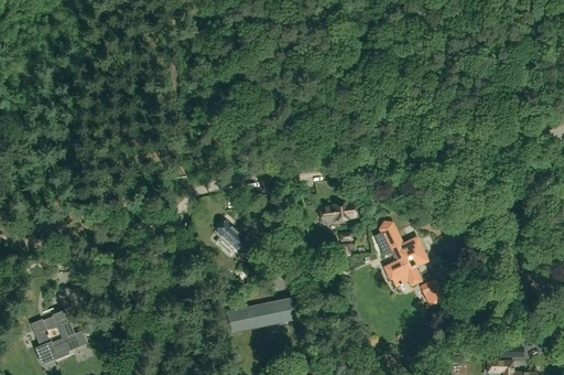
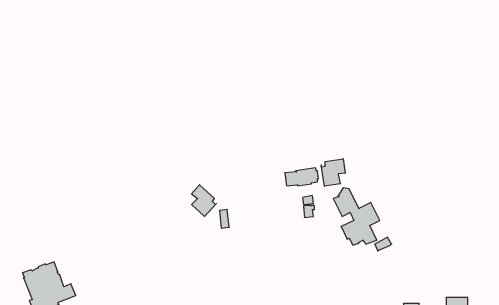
building: none -> [321,159,345,186]
building: [227,298,297,331] -> none

